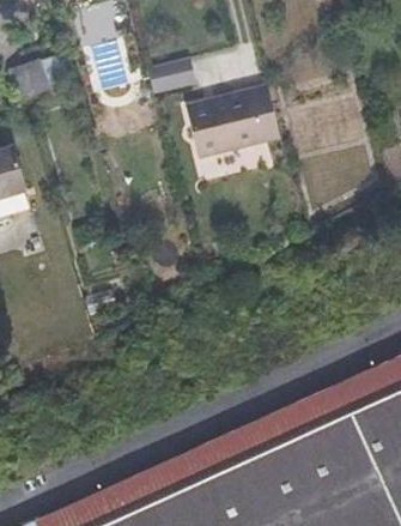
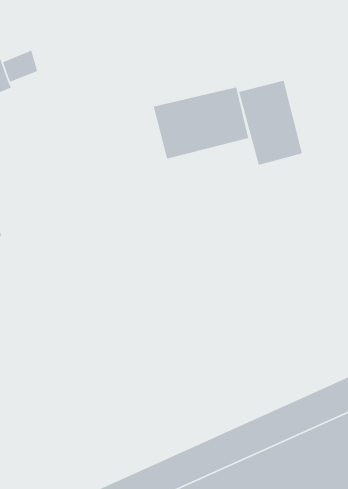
building: [147,56,195,93] -> none
building: none -> [238,80,303,166]

